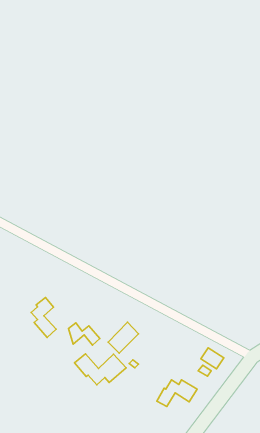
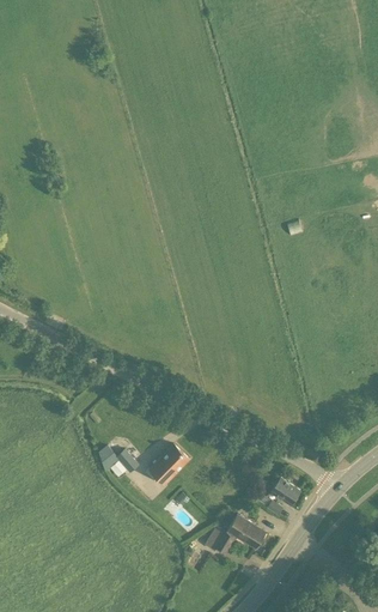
building: [31,297,56,338] -> none
building: [74,354,126,385] -> none

